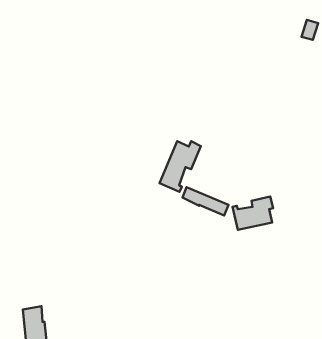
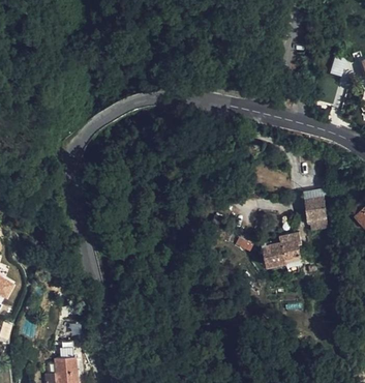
building: [160,141,201,192] -> none
building: none -> [304,197,327,220]

